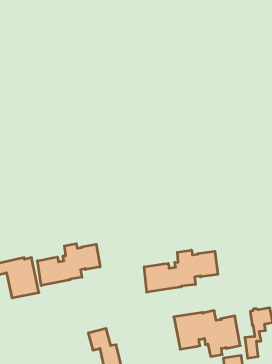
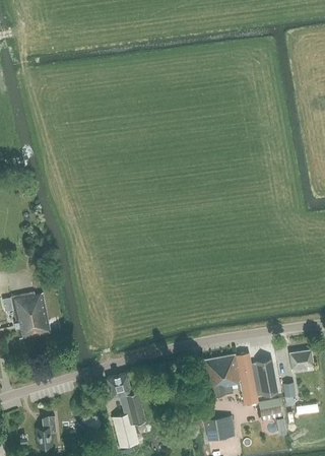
building: [37,244,100,286] -> none
building: [144,250,218,292] -> none

